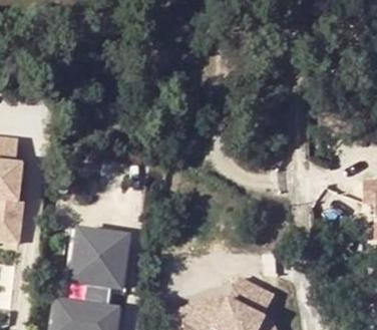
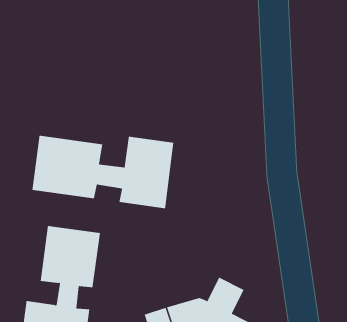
building: none -> [32,135,174,209]

